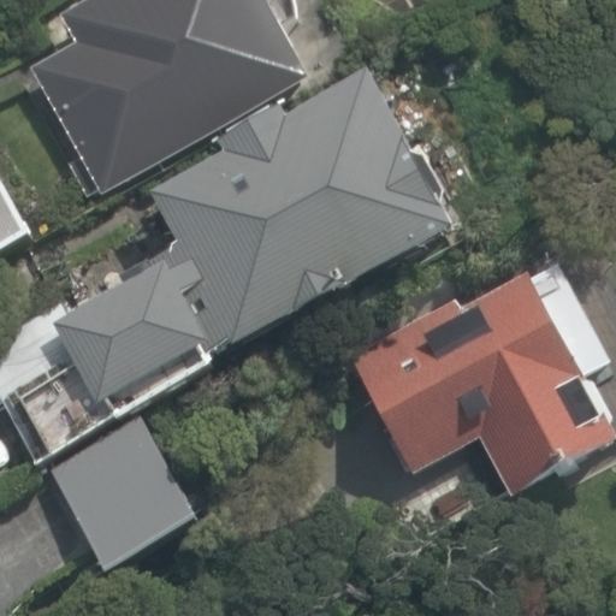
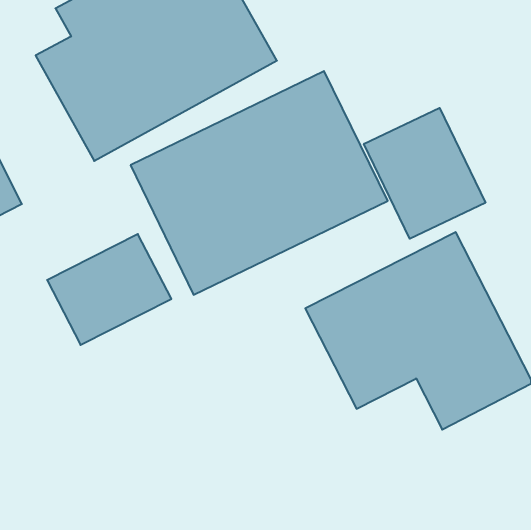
building: none -> [364,108,485,239]
building: [48,421,189,567] -> none

